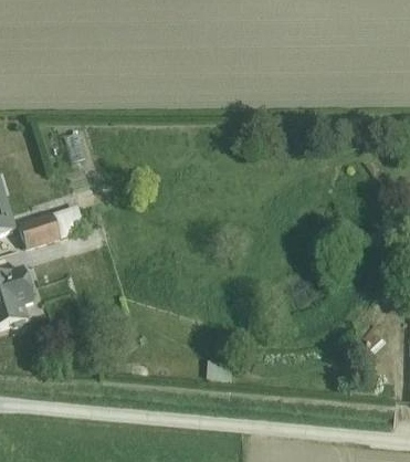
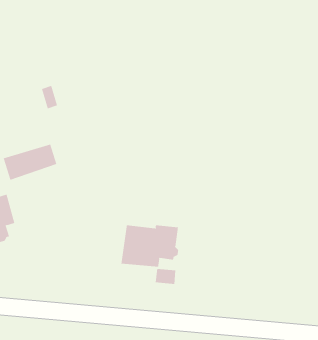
building: none -> [121,224,179,268]

